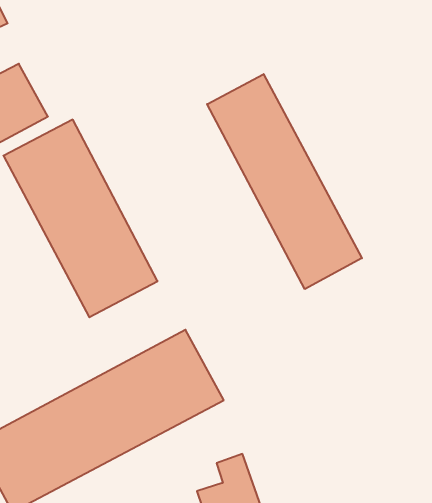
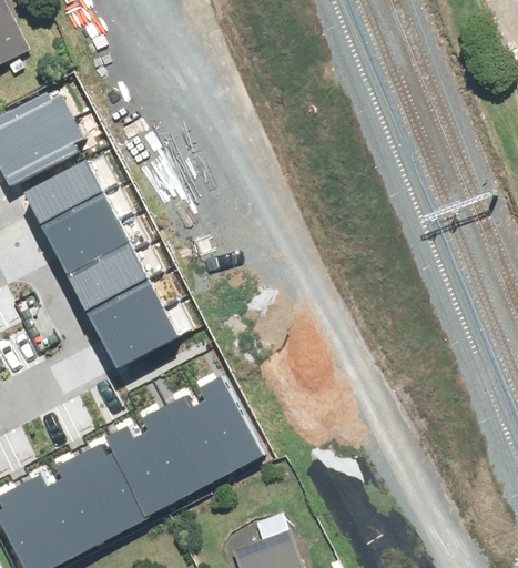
building: [207,74,362,289] -> none

